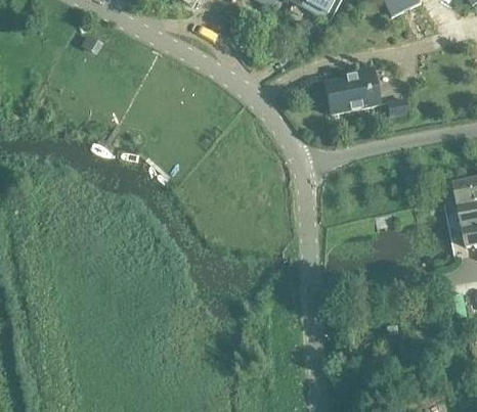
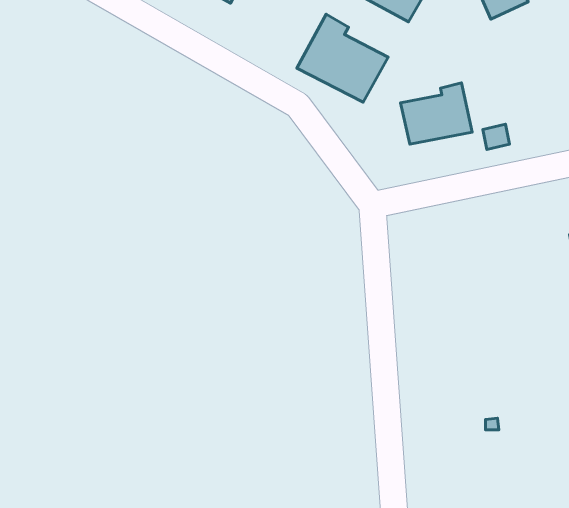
building: none -> [297,14,388,102]

